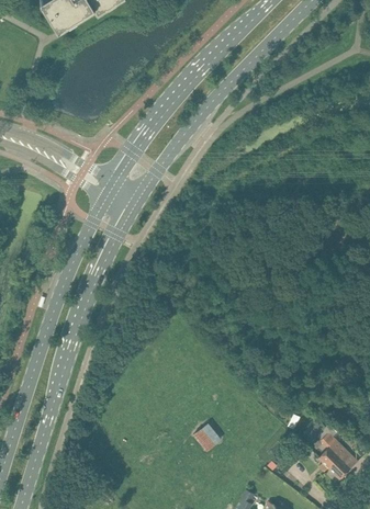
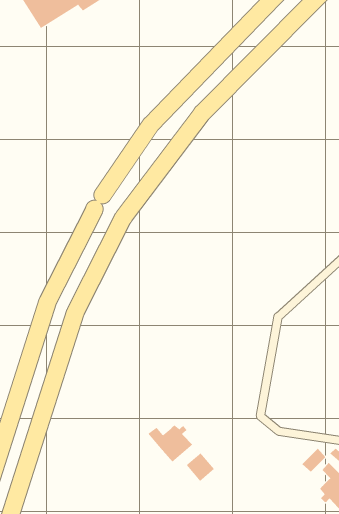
building: none -> [148,424,193,462]

